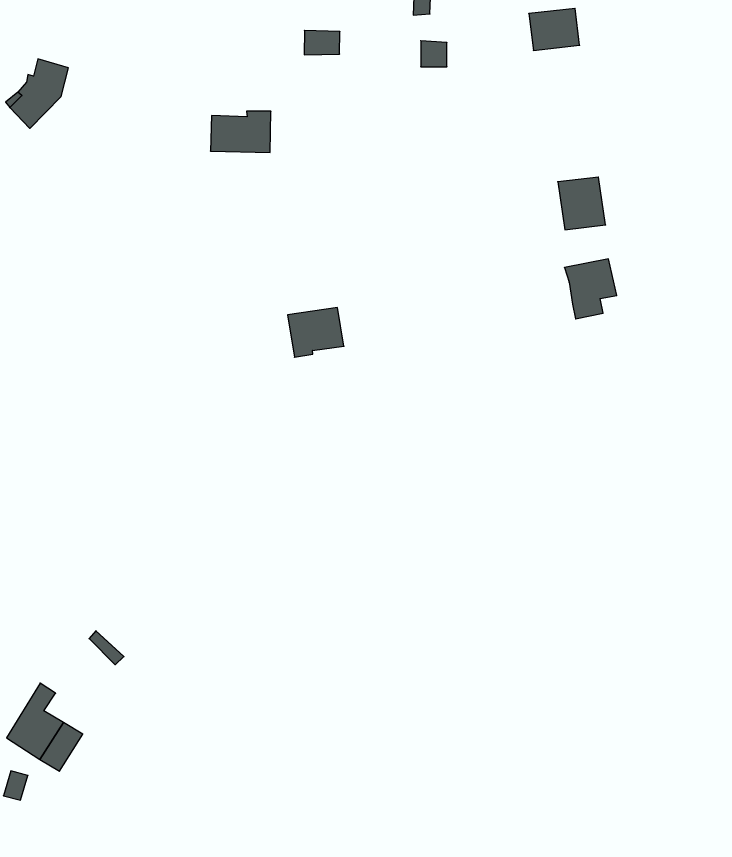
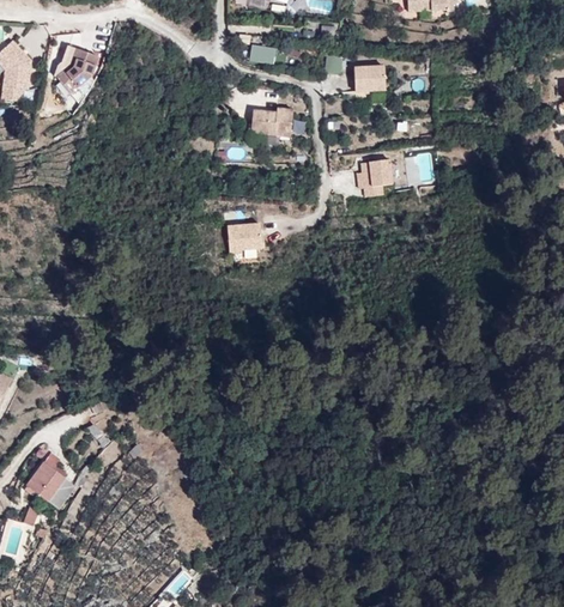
building: [529,8,580,50] -> [353,66,384,91]
building: [210,111,271,152] -> [250,108,291,135]
building: [564,259,617,319] -> [359,159,392,196]

